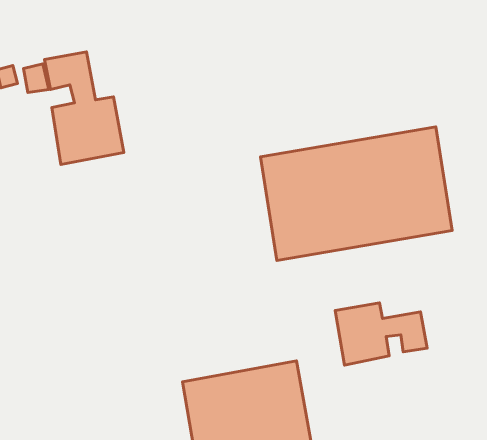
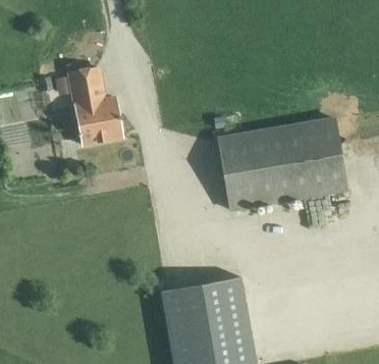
building: [335,303,427,365] -> none

